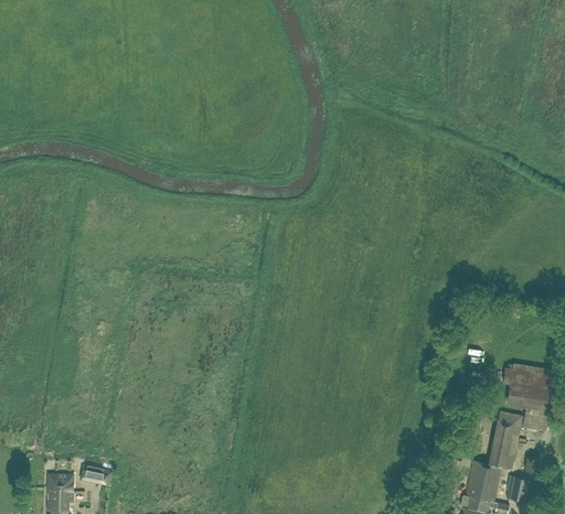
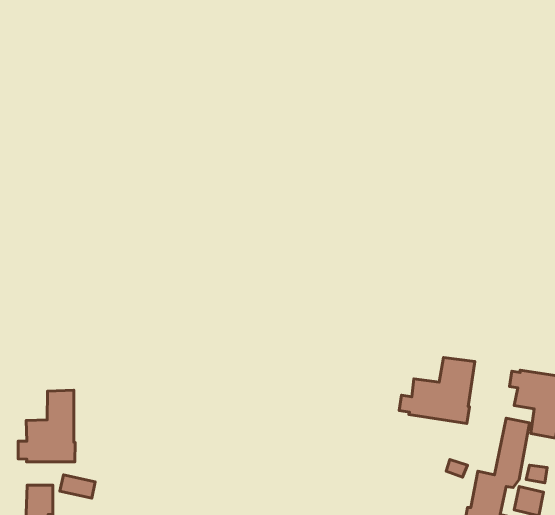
building: none -> [399,357,475,424]
building: none -> [18,390,75,462]

